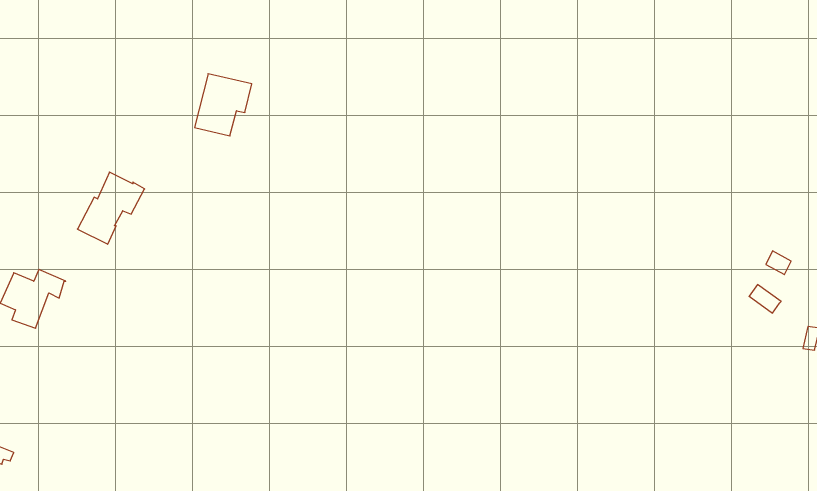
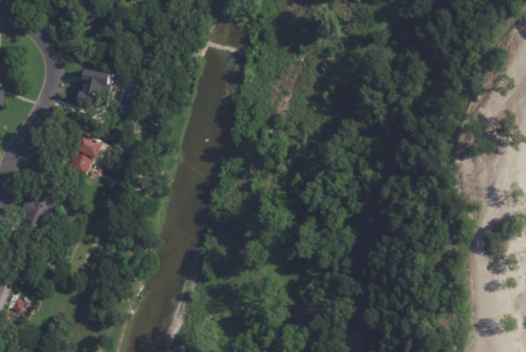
building: [195,74,252,136] -> [69,70,104,108]

